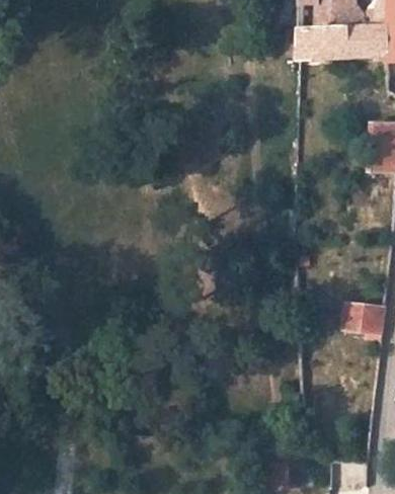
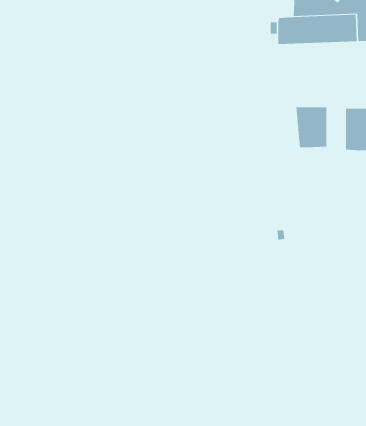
building: none -> [296,107,327,148]
building: [342,308,383,341] -> none

